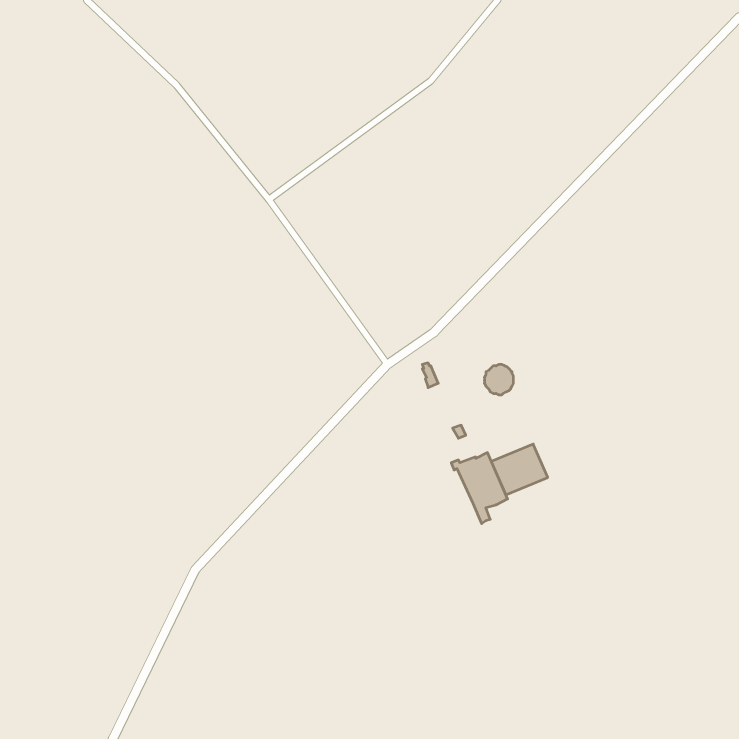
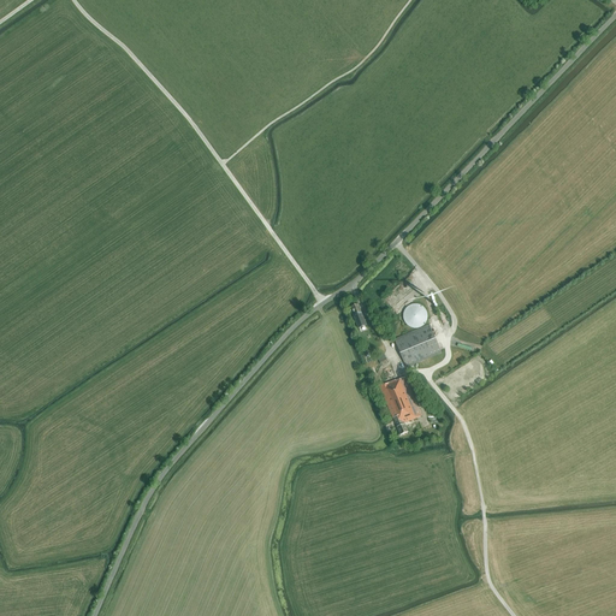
building: [491,444,548,495] -> [395,325,442,367]

